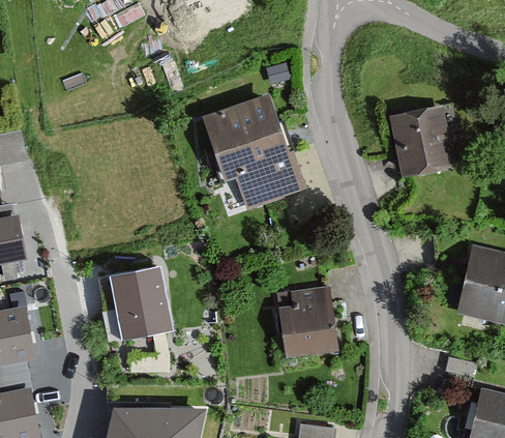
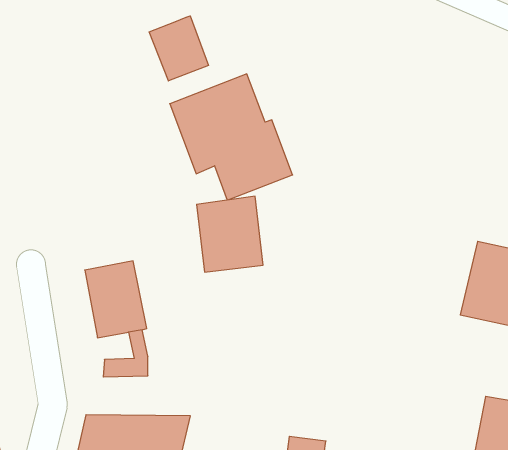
building: none -> [149,16,209,81]
building: [389,108,456,180] -> none
building: [275,288,335,356] -> [197,196,263,272]

